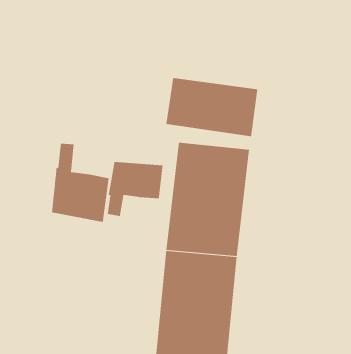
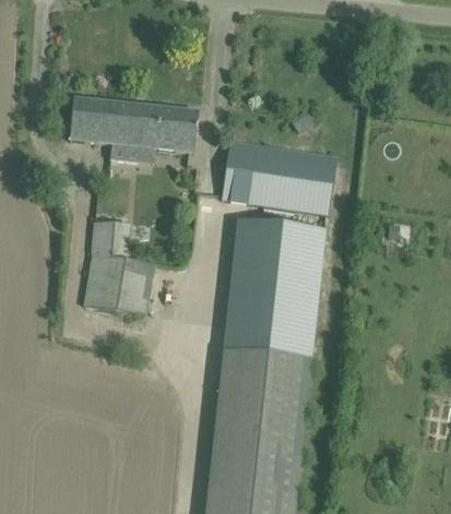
building: none -> [70,98,199,160]
building: [107,161,163,217] -> none

